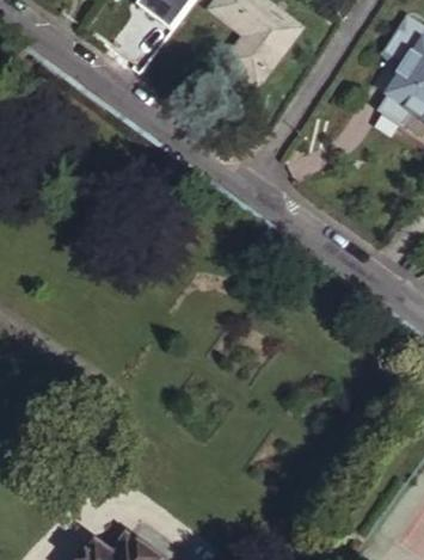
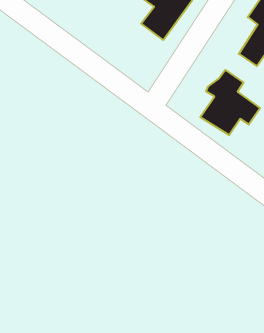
building: none -> [200,70,260,135]

